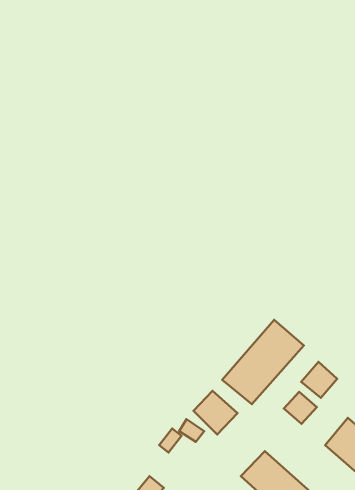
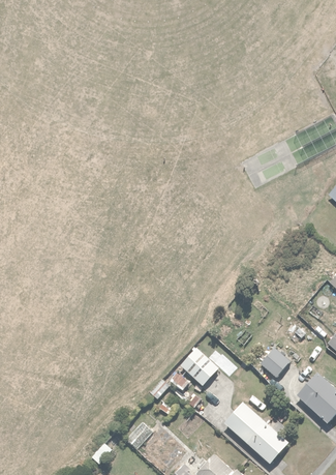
building: [222,320,304,404] -> none
building: [301,362,337,398] -> none

